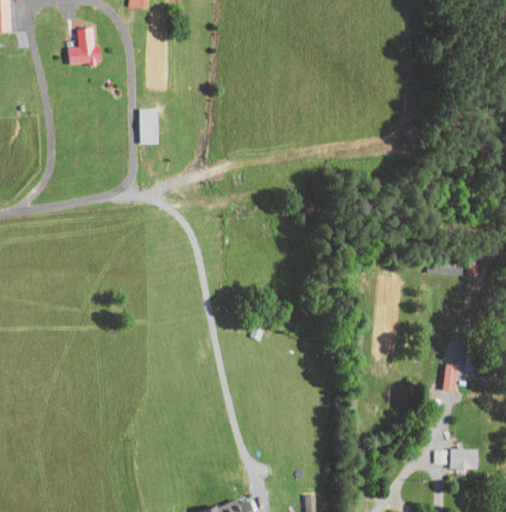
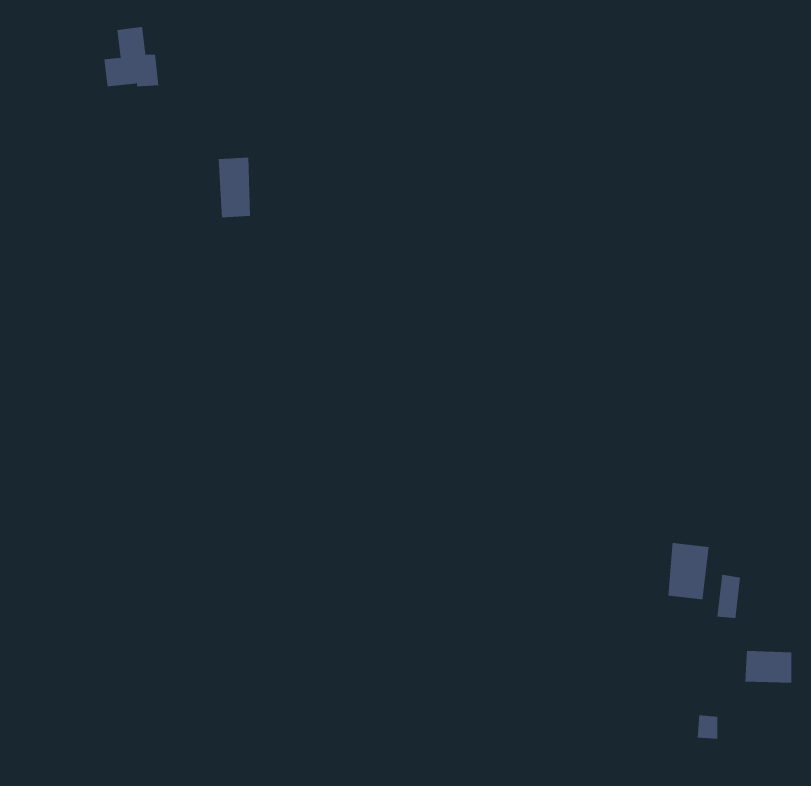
building: none -> [668,542,709,600]
building: [448,449,477,469] -> [745,651,792,683]

